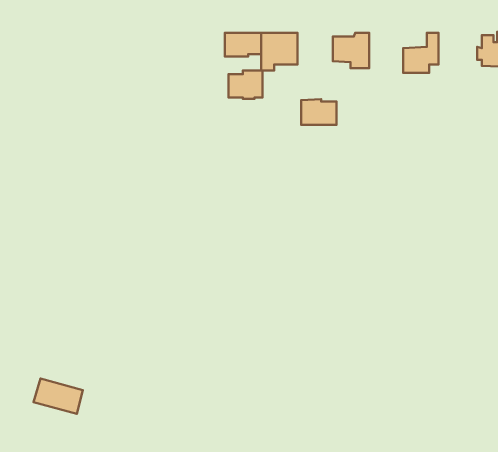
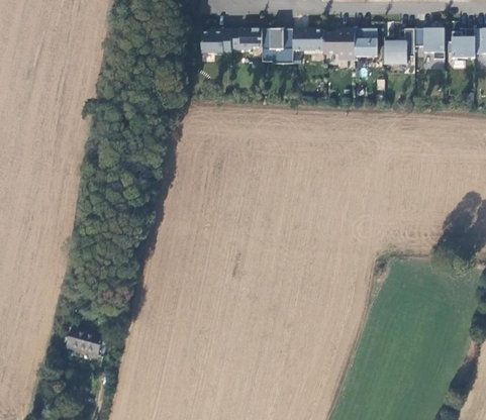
building: none -> [355,29,377,57]
building: none -> [414,29,444,60]
building: [229,70,263,99] -> [201,29,230,54]
building: [301,99,336,125] -> [293,28,323,50]

